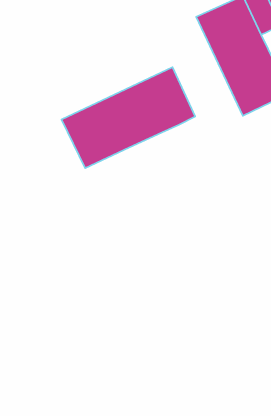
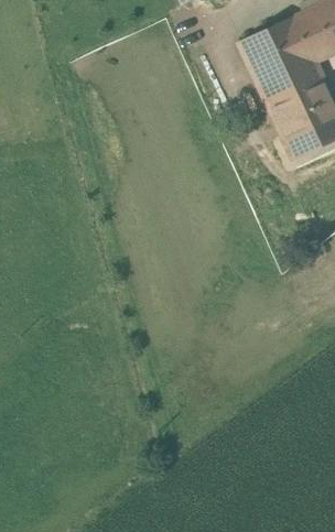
building: [62,67,195,168] -> none

